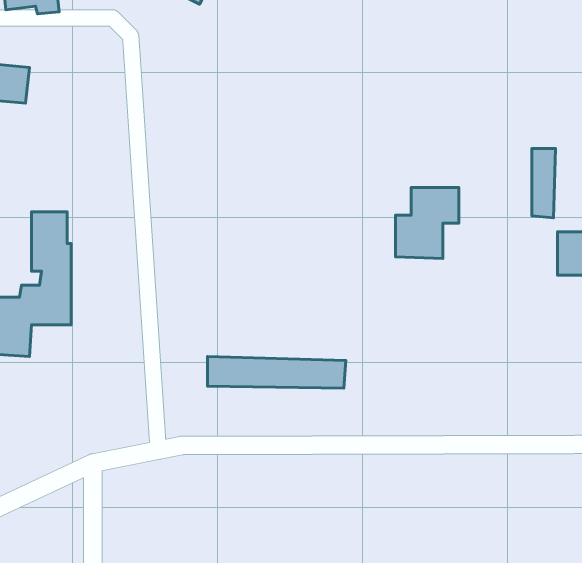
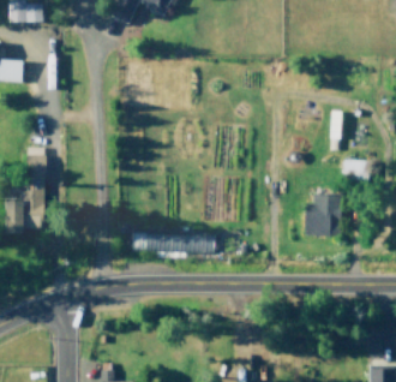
building: [395,187,459,259] -> [302,193,341,237]

